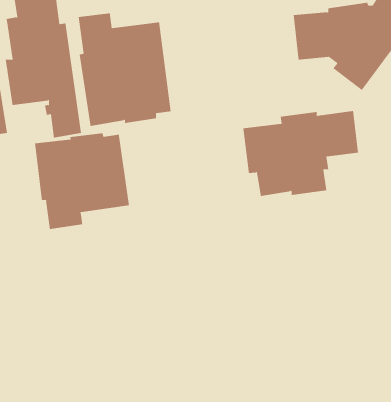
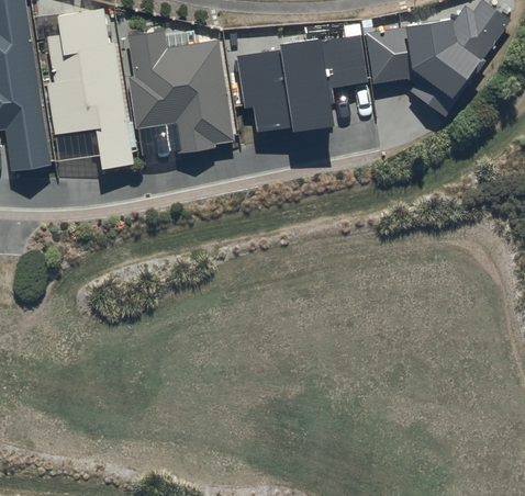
building: [242,111,359,196] -> [237,35,367,131]
building: [35,132,129,230] -> none

